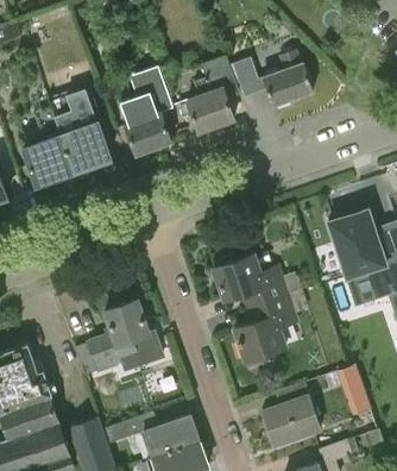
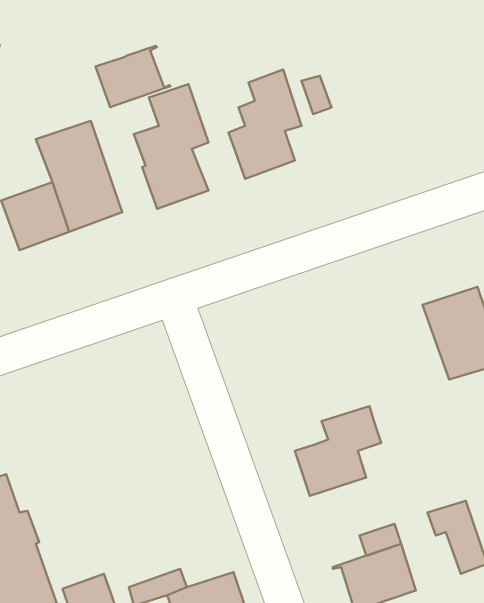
building: none -> [95,46,171,107]
building: [263,51,314,107] -> none
building: [213,255,303,308] -> none
building: [75,302,162,376] -> none

